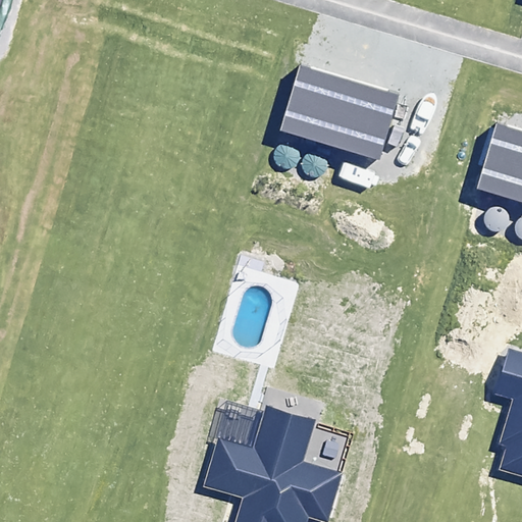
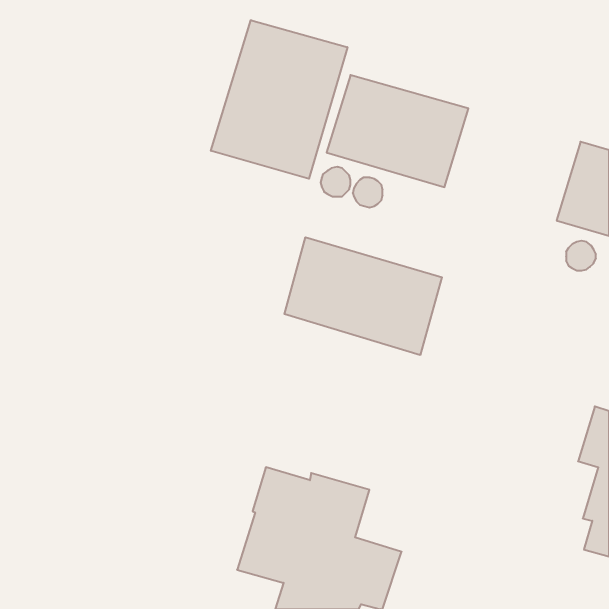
building: none -> [211,20,347,179]
building: none -> [284,237,442,355]

